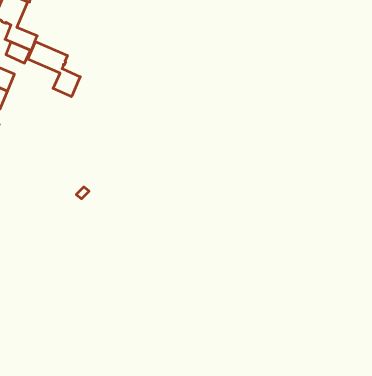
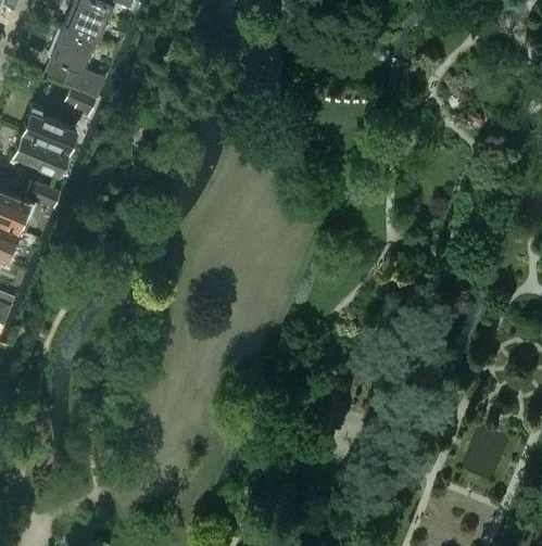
building: [28,41,80,97] -> none

